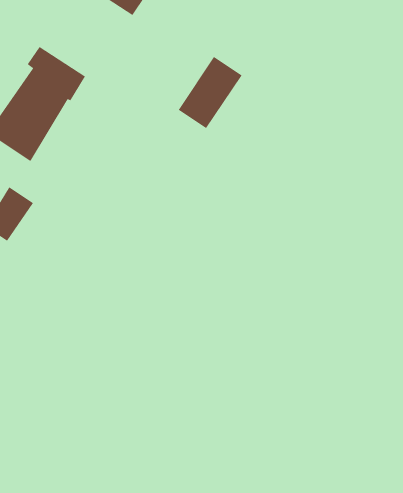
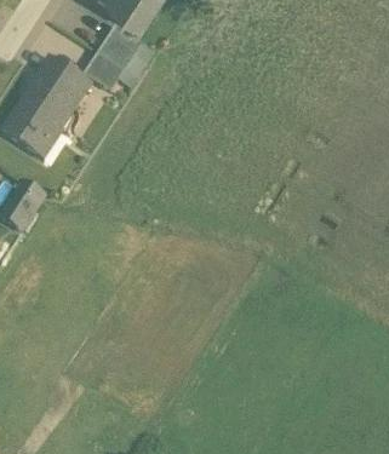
building: [178,56,242,129] -> [84,25,141,90]

